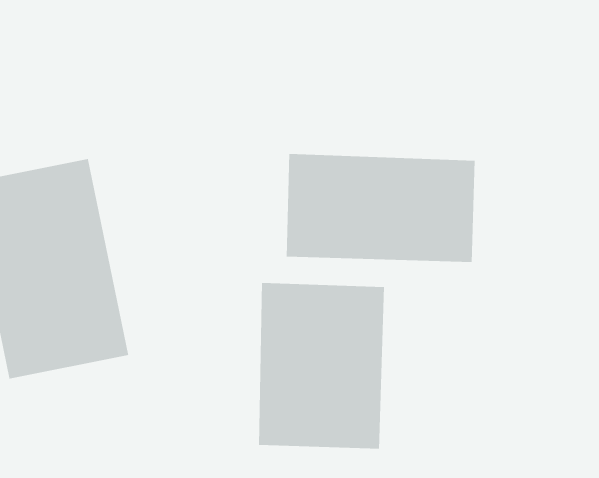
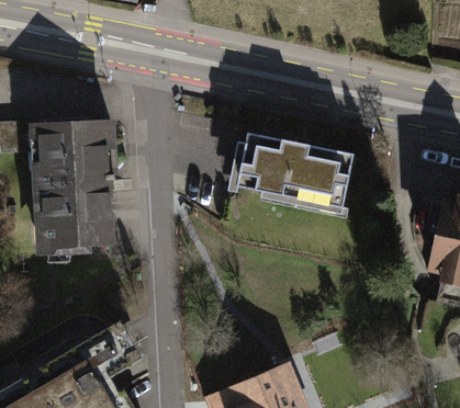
building: [258,282,385,449] -> none

